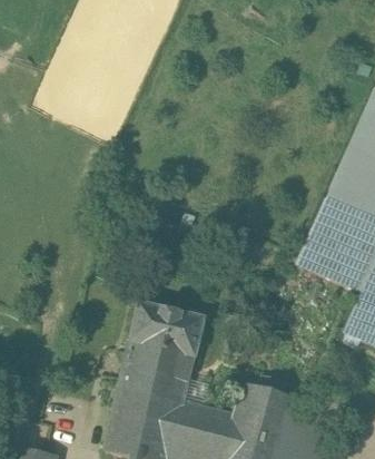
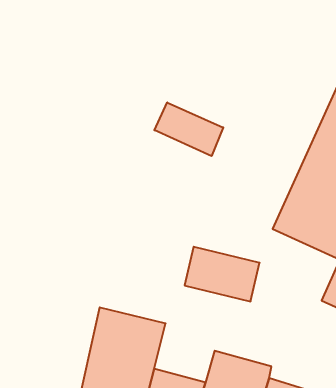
building: none -> [154,102,223,156]
building: [130,302,204,355] -> [185,247,260,301]

